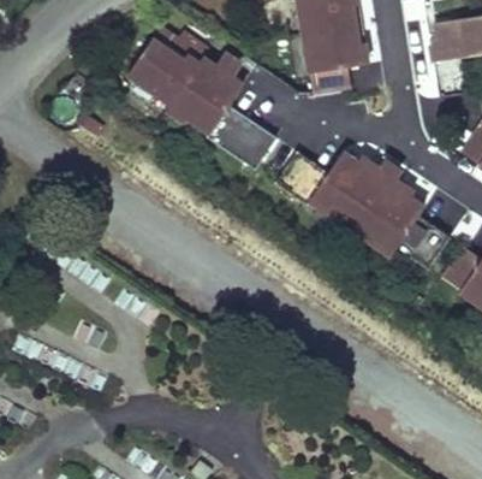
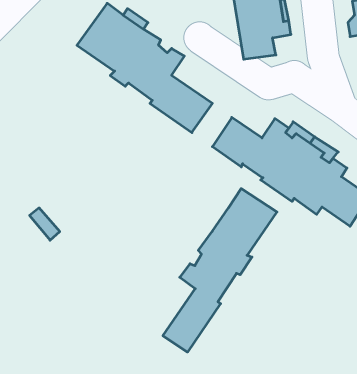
building: none -> [163,189,277,352]

